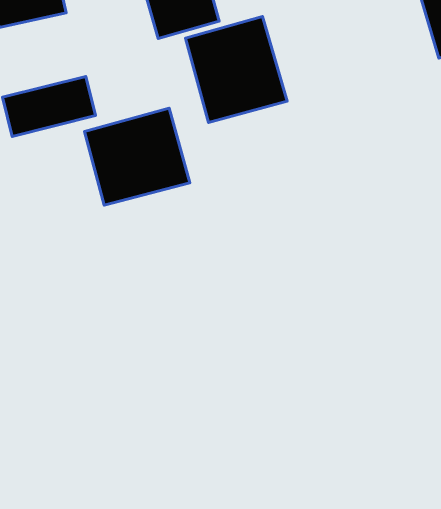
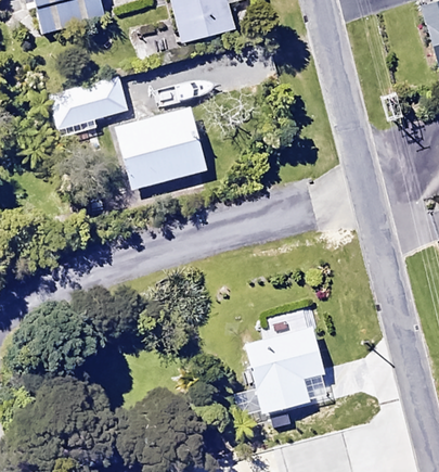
building: [185,17,287,122] -> none
building: none -> [246,327,328,416]

